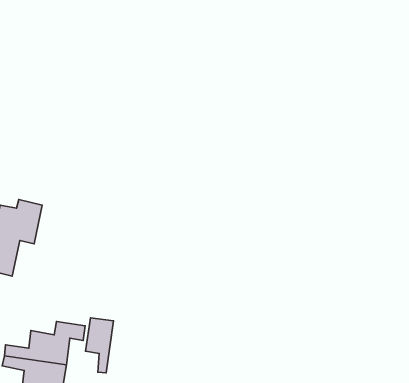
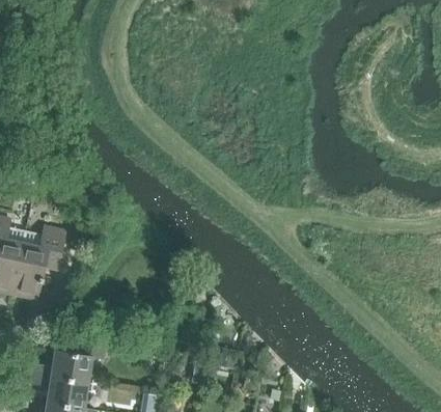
building: [86,318,114,373] -> none

